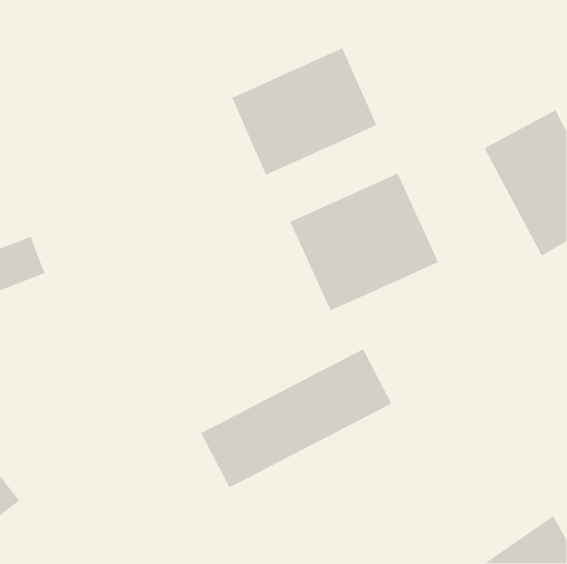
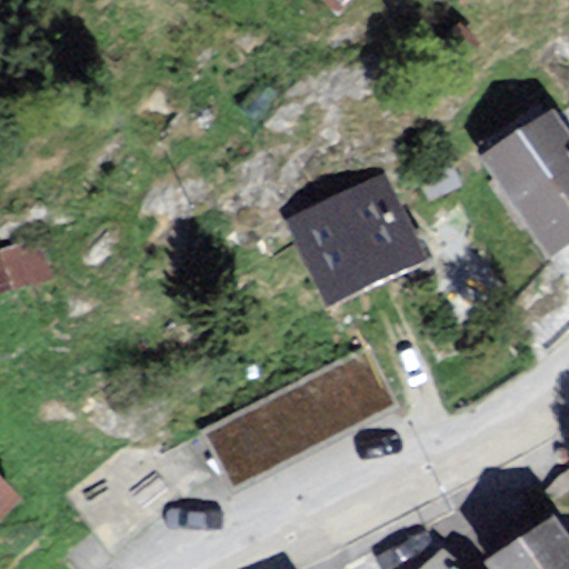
building: [231,47,377,176] -> none

